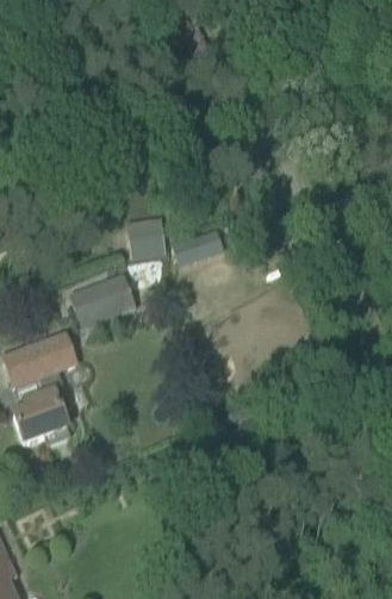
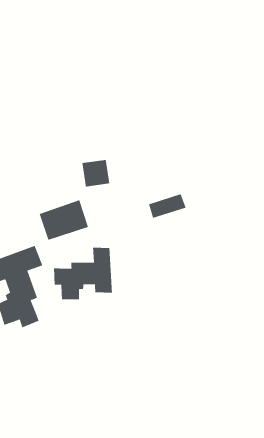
building: [170,230,222,263] -> [148,193,186,218]
building: none -> [54,247,112,300]

